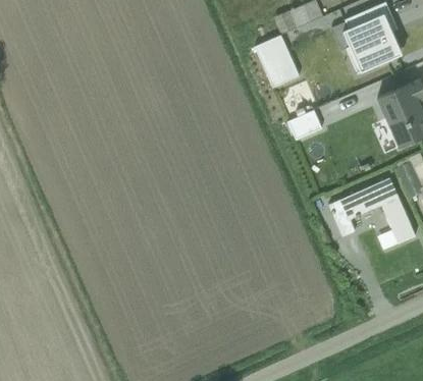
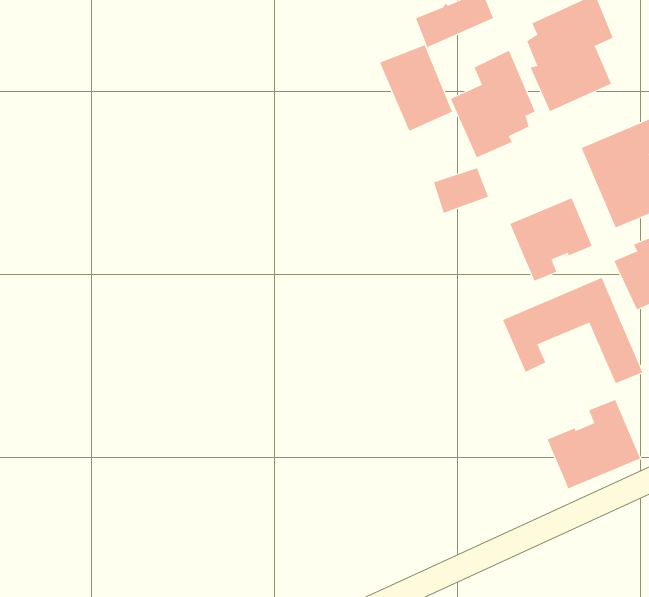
building: none -> [450,50,535,158]
building: none -> [509,198,593,282]
building: none -> [547,399,641,489]

